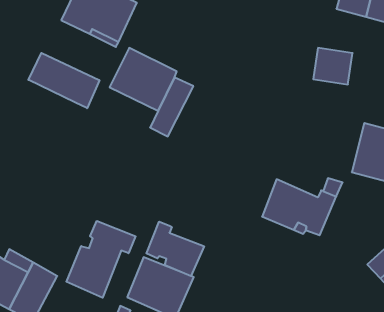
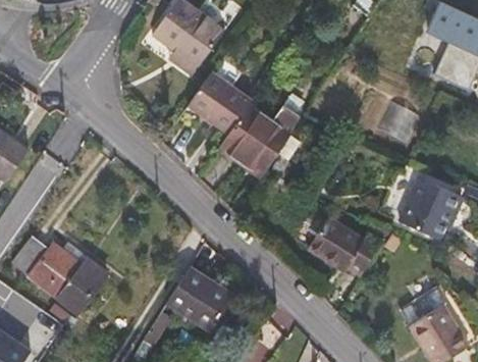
building: [28,53,99,108] -> none
building: none -> [232,104,298,176]
building: [66,221,136,298] -> none
building: [146,222,204,276] -> none

